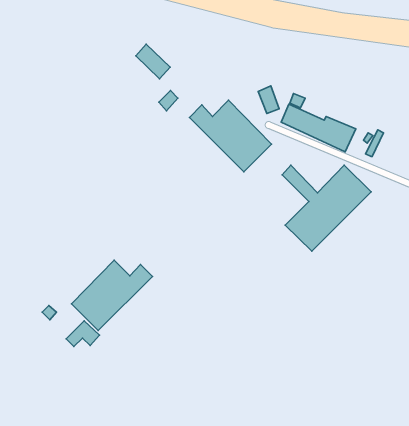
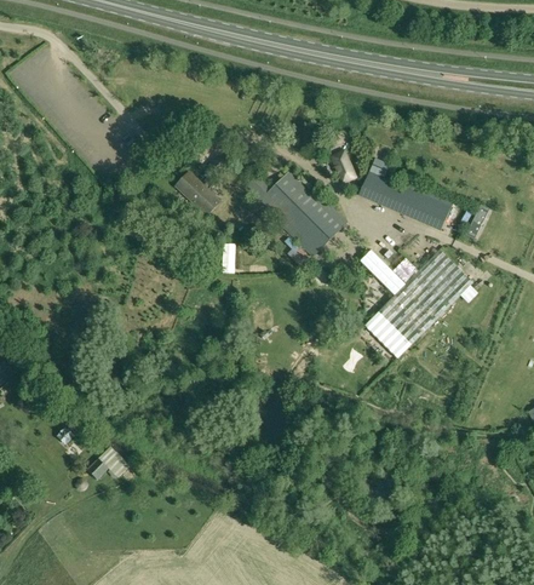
building: [136,44,170,79] -> [177,172,220,216]
building: [71,260,152,331] -> none

